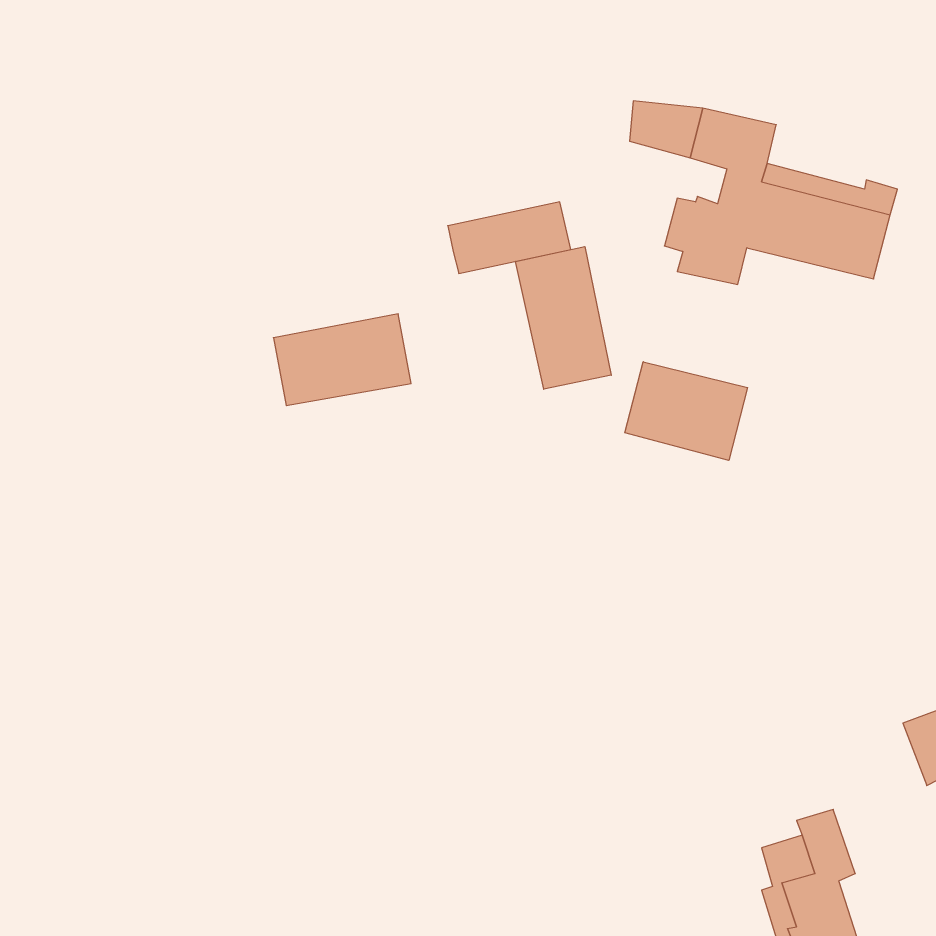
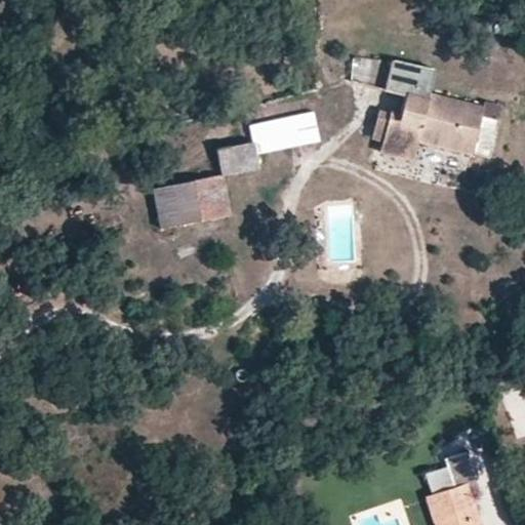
building: [515,247,611,389] -> none
building: none -> [218,142,260,176]
building: [625,362,748,460] -> none

